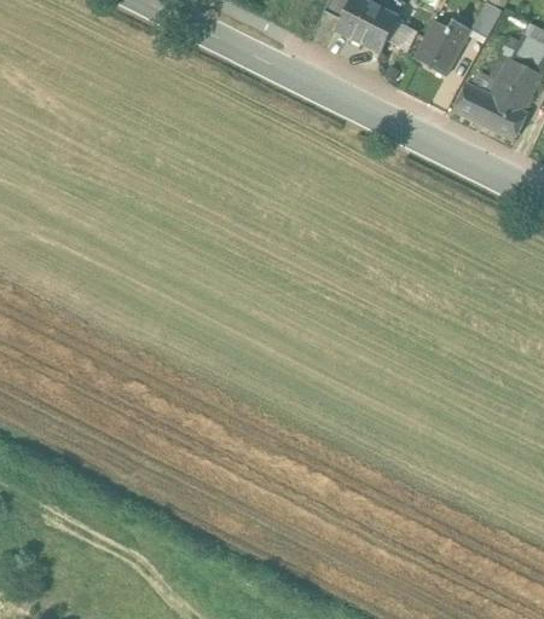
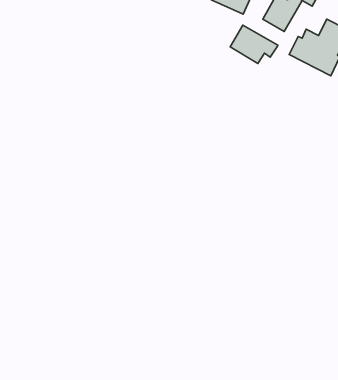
building: none -> [230,25,278,64]

